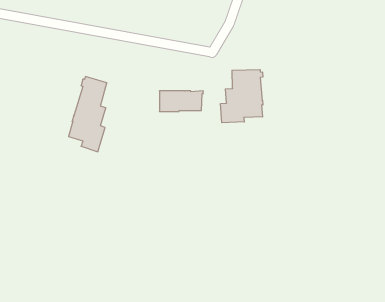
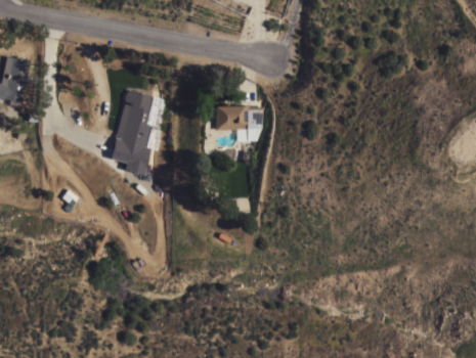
building: [221,70,263,123] -> none

